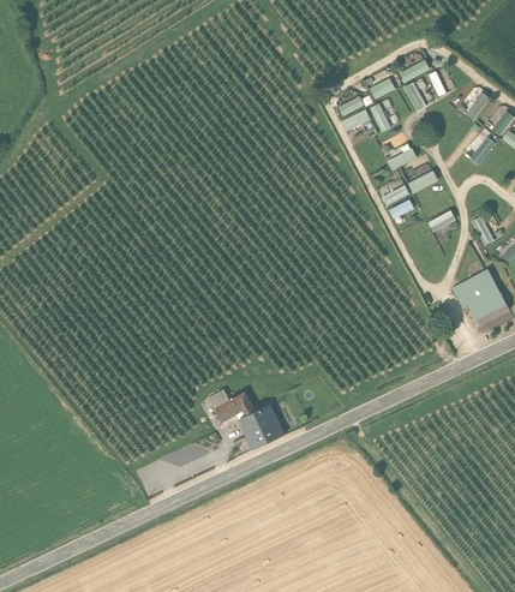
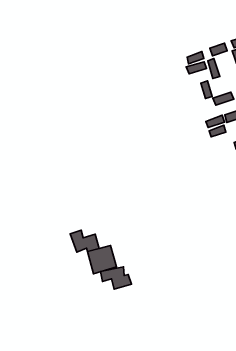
building: none -> [101,267,132,289]

